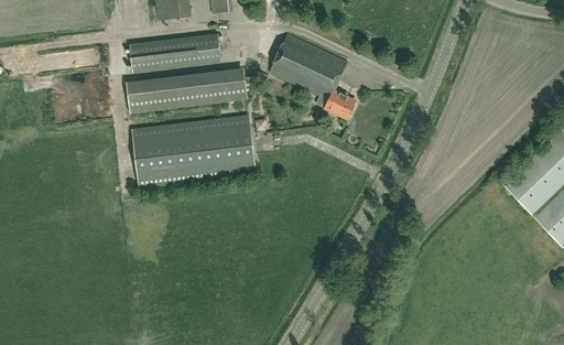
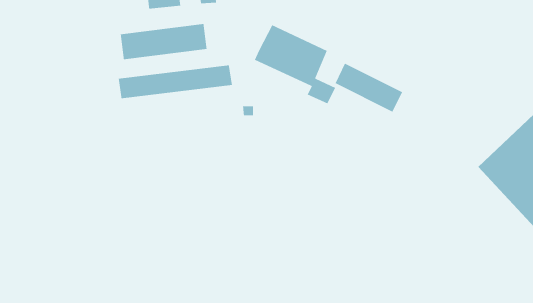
building: none -> [334,63,403,113]
building: [131,114,256,188] -> none

